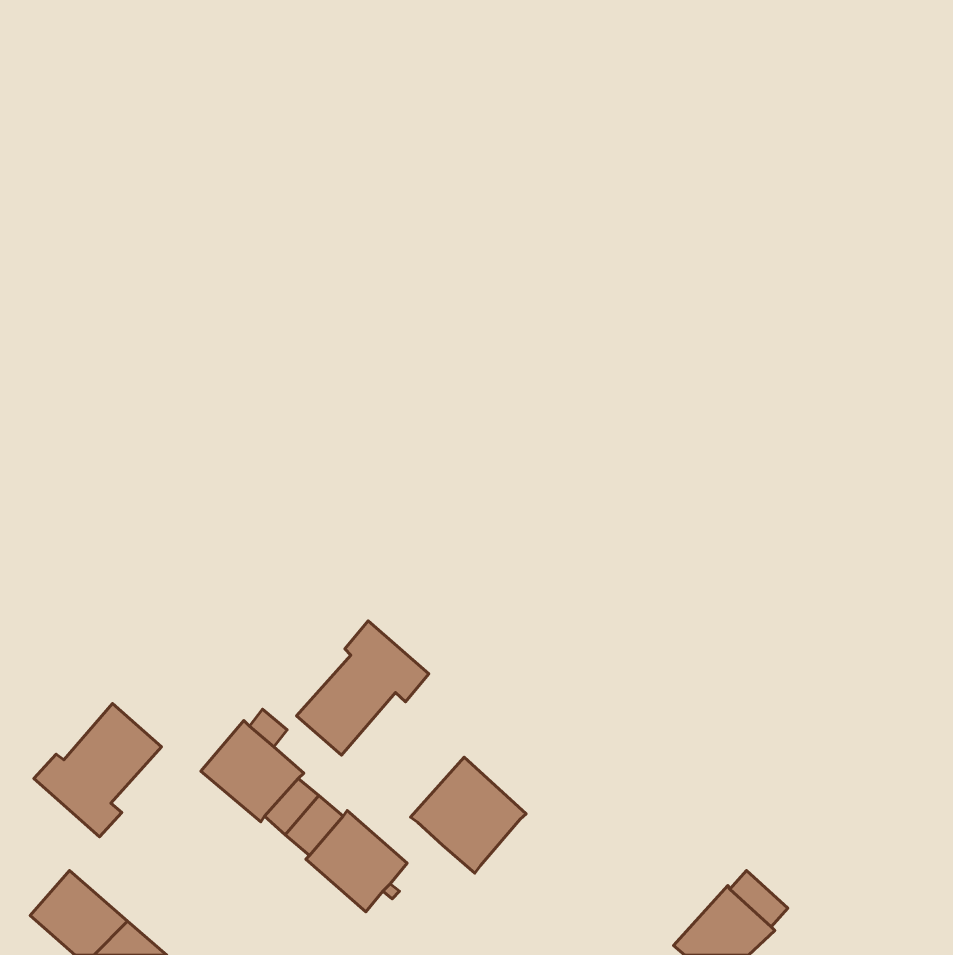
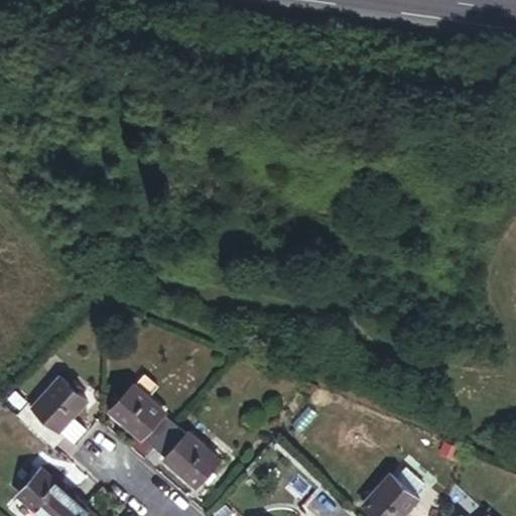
building: [296,621,429,755] -> none
building: [411,757,526,873] -> none

